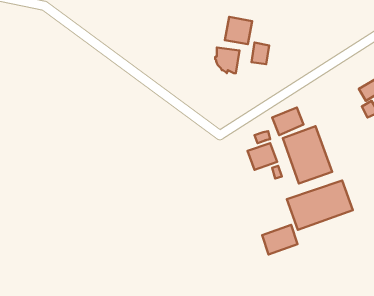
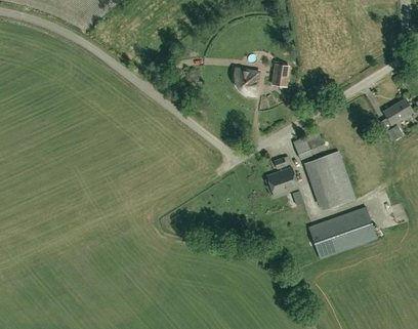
building: [225,17,252,44] -> none
building: [262,225,297,255] -> none

